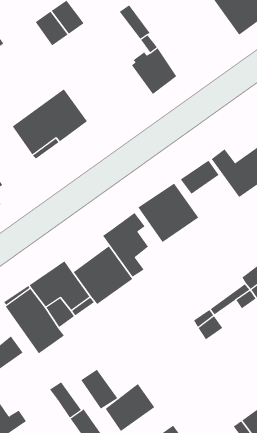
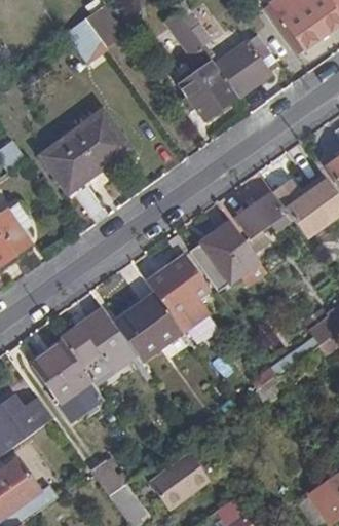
building: none -> [215,33,278,96]
building: [80,369,118,409] -> none

